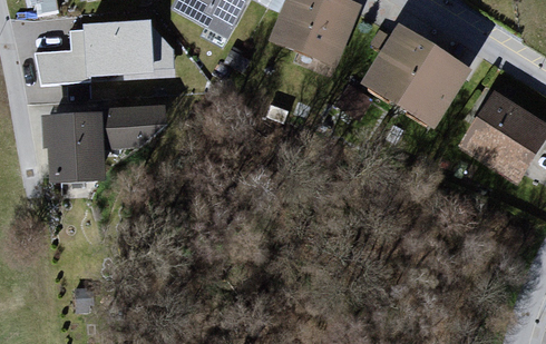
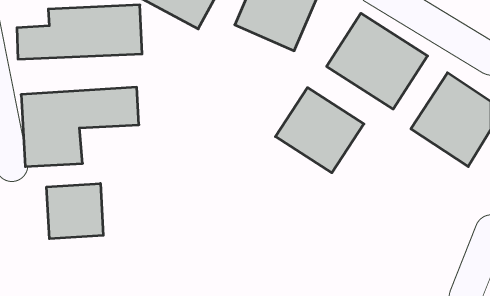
building: none -> [275,88,364,173]
building: none -> [47,183,103,239]

